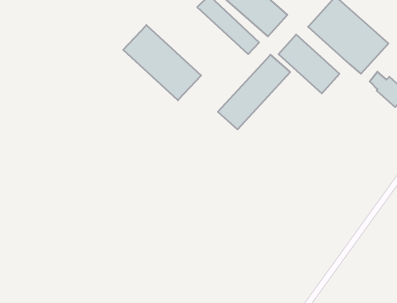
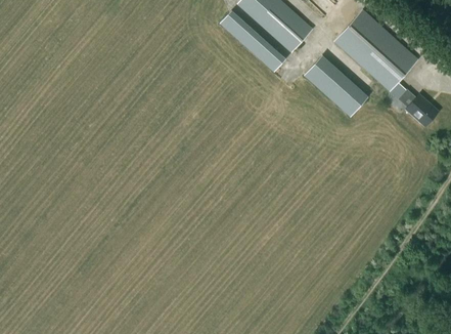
building: [123,25,201,100] -> none
building: [218,55,290,129] -> none

